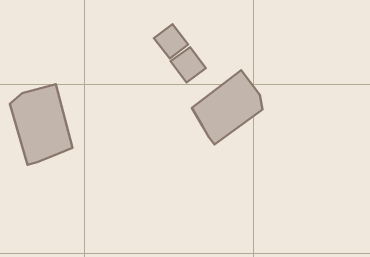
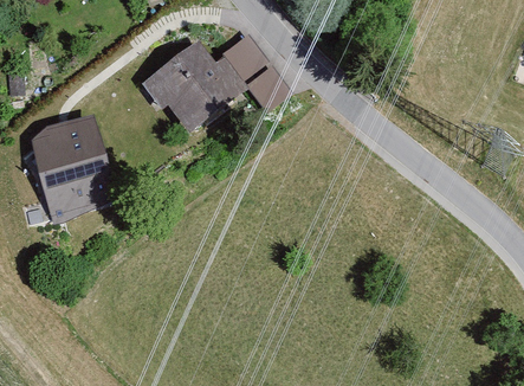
building: none -> [141,40,239,134]
building: [192,70,263,145] -> none

